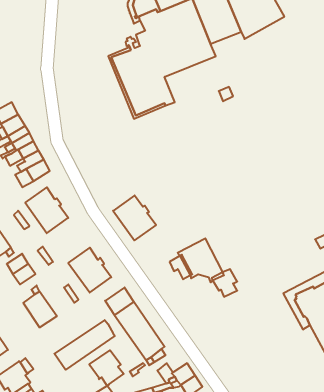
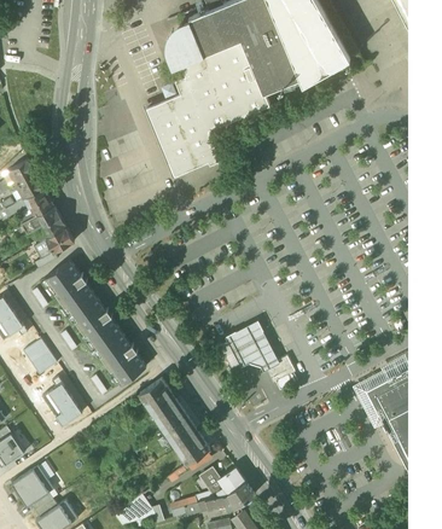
building: [113,195,156,240] -> [71,296,122,349]
building: [54,320,115,370] -> none
building: [89,350,124,386] -> none

